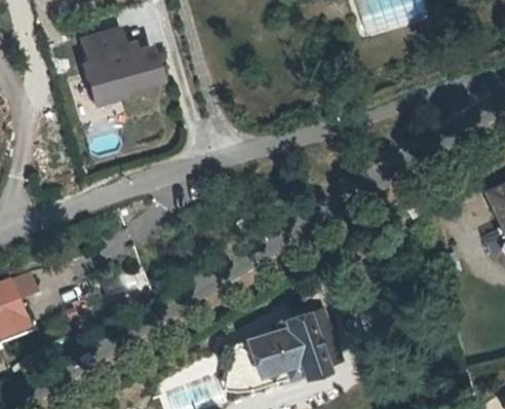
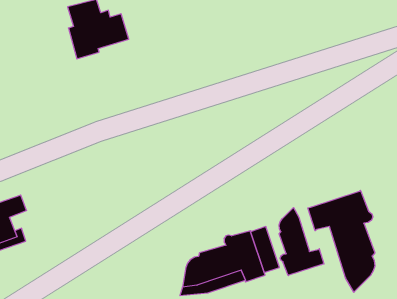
building: none -> [308,190,375,292]
building: none -> [279,208,324,276]

